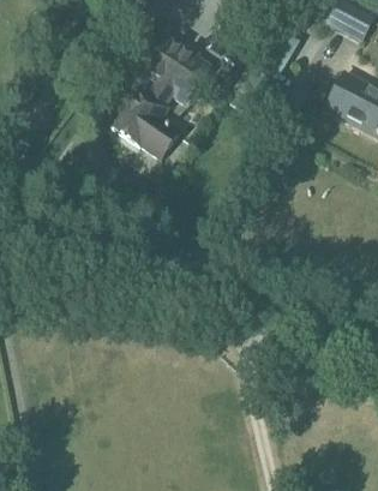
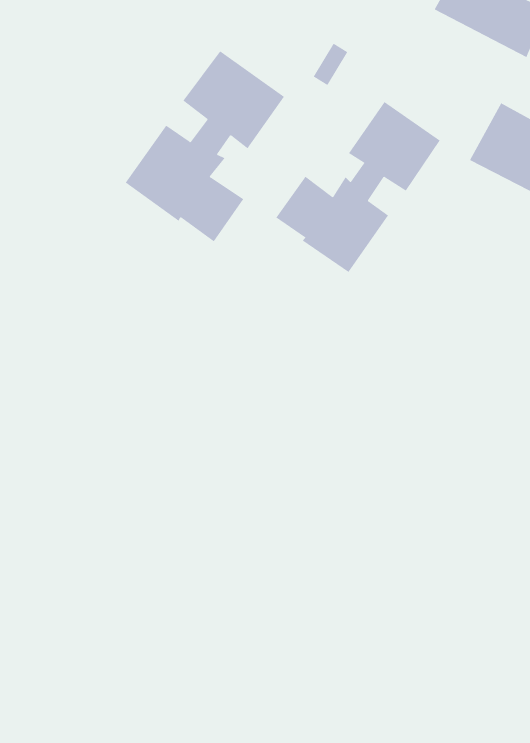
building: none -> [276,101,441,273]

